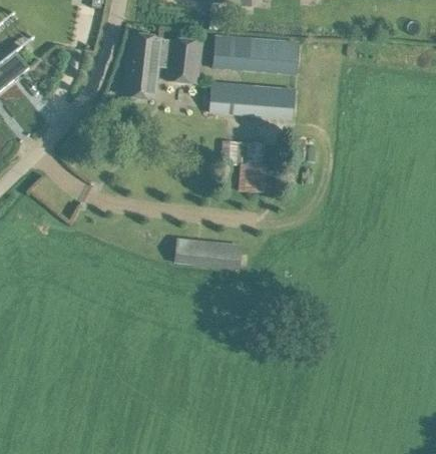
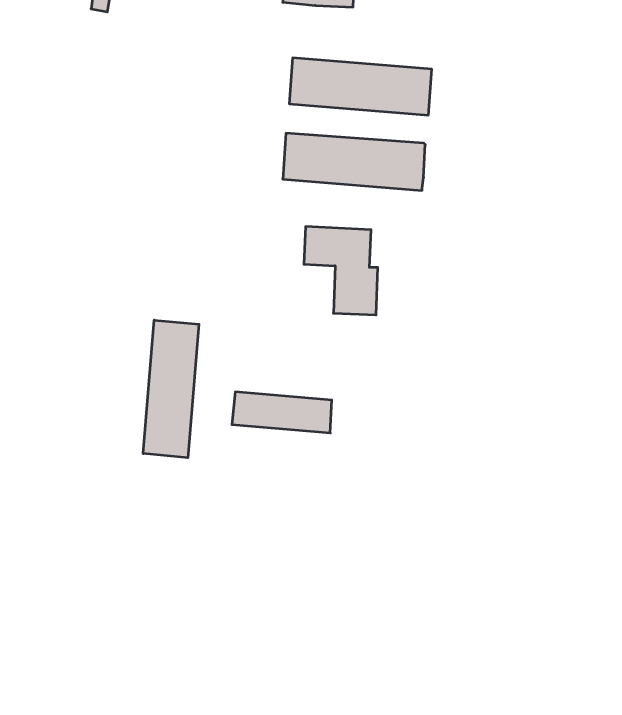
building: [124,35,199,99] -> none
building: none -> [143,320,199,458]

